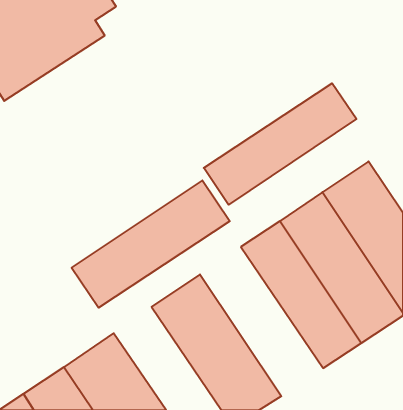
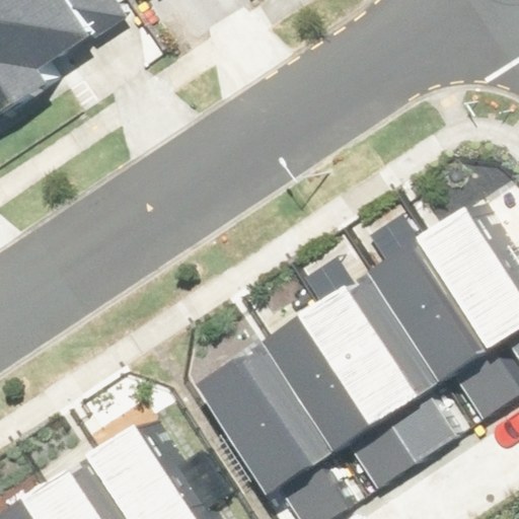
building: [204,83,356,205] -> none
building: [72,180,230,308] -> none
building: none -> [251,310,406,498]

